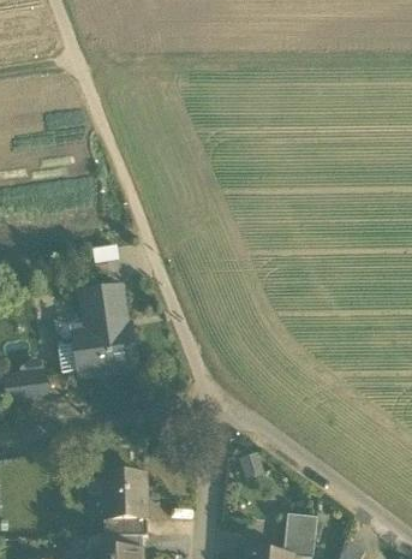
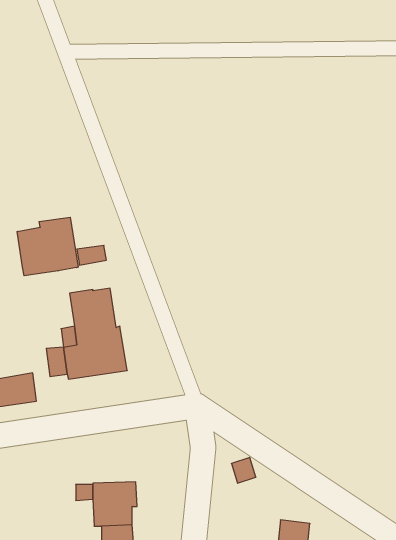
building: none -> [17,217,78,276]

